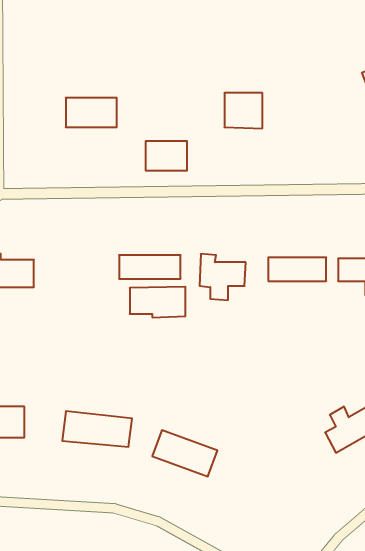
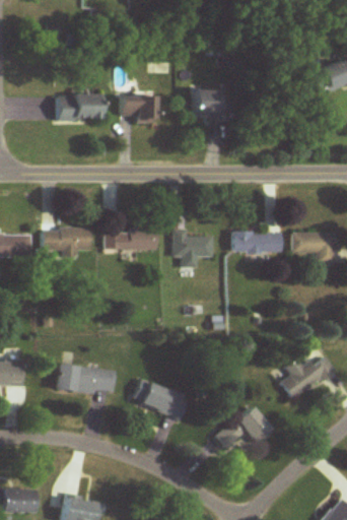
building: [146,141,187,171] -> [121,95,156,121]
building: [130,287,185,317] -> [44,228,91,254]
building: none -> [215,406,271,450]

